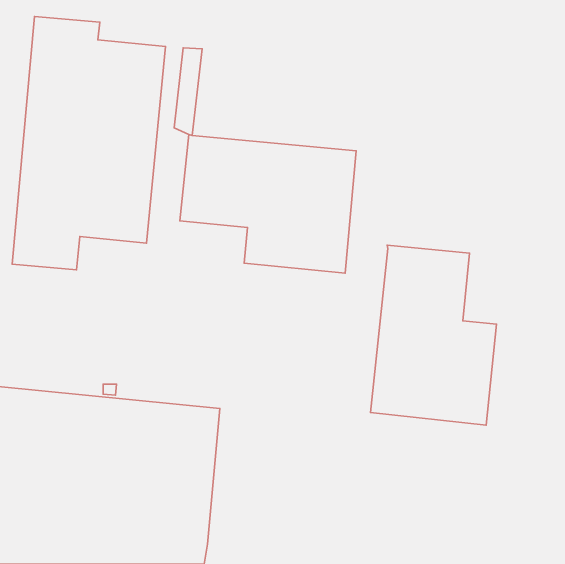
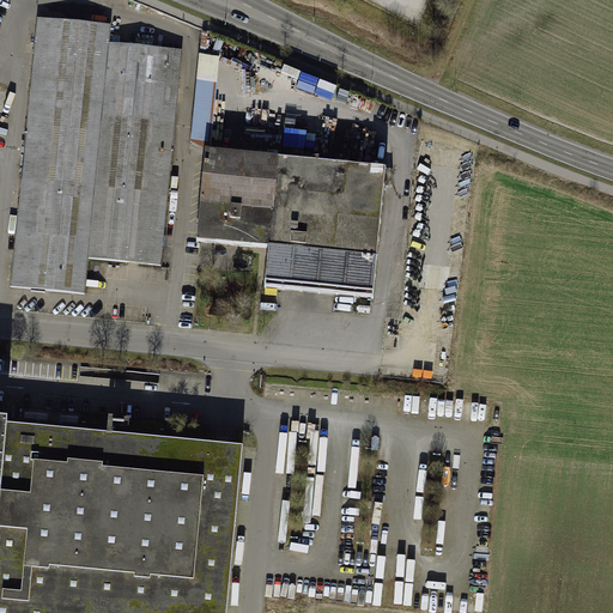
building: [371,245,496,425] -> none

